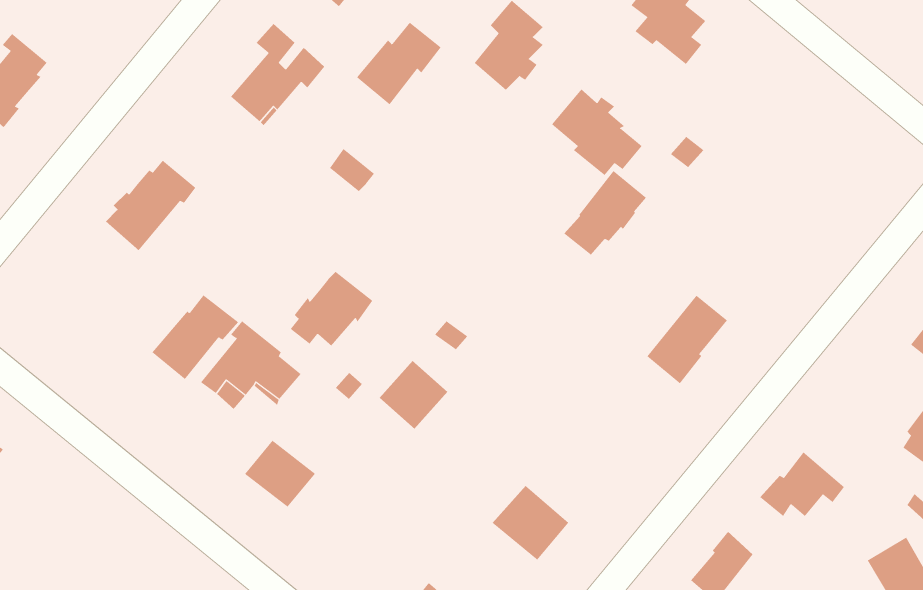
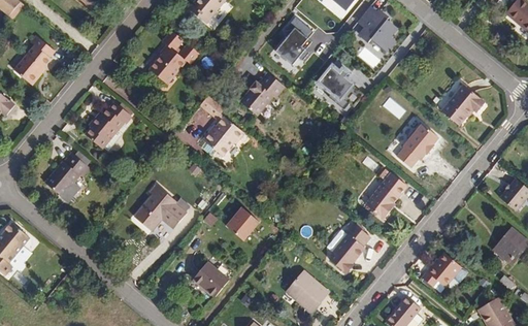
building: [356,22,441,105] -> [239,72,284,116]
building: none -> [441,85,485,125]
building: [564,170,647,255] -> [395,123,438,167]
building: [290,271,373,347] -> [200,117,243,156]
building: [151,295,239,380] -> [44,152,90,196]
building: none -> [328,222,369,271]
building: [244,440,316,507] -> [192,261,229,296]

